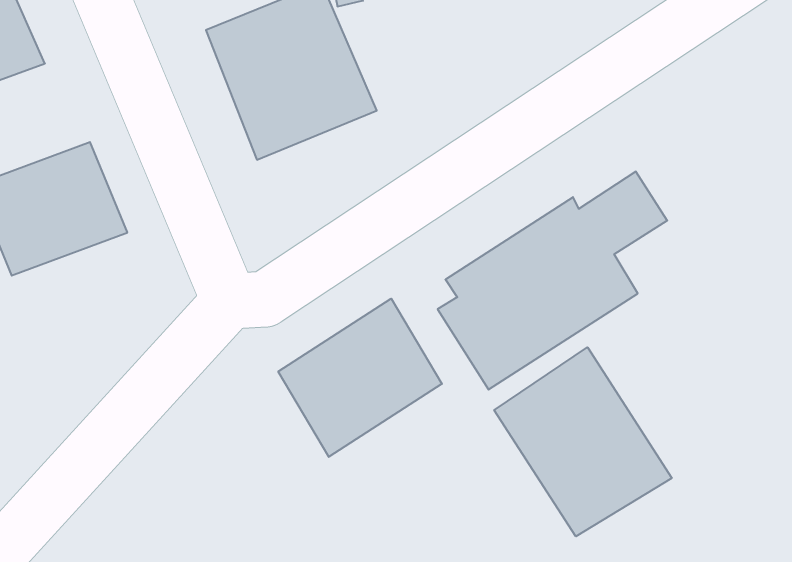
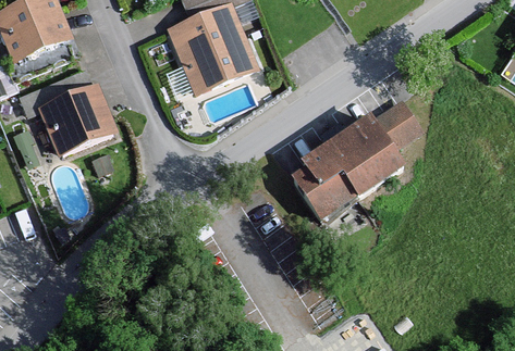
building: [278,299,442,457] -> none
building: [494,347,672,536] -> none

